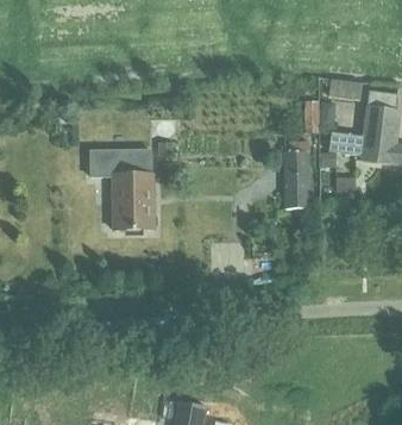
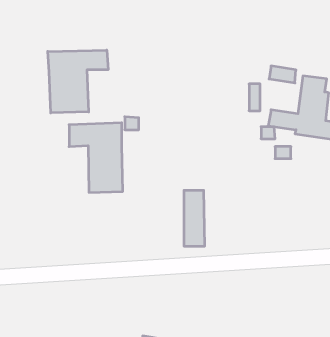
building: none -> [48,50,108,113]
building: [284,143,309,210] -> [184,190,205,246]

